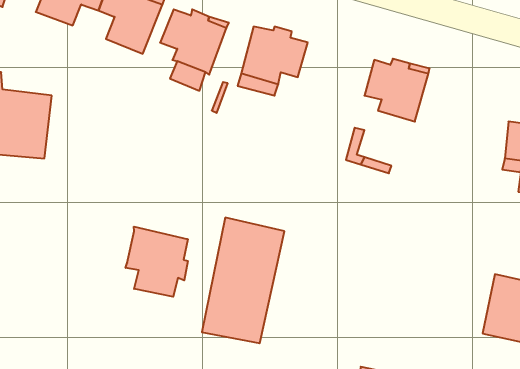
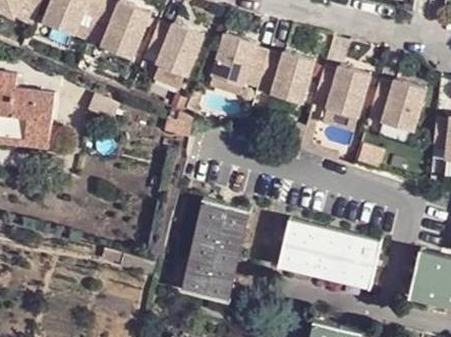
building: none -> [261,51,314,103]
building: none -> [372,78,425,130]
building: [126,227,188,297] -> none
building: none -> [278,215,383,284]

